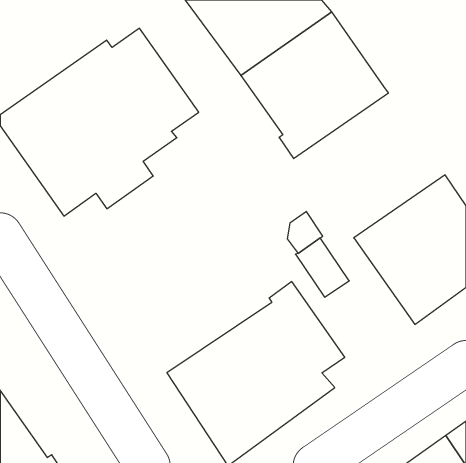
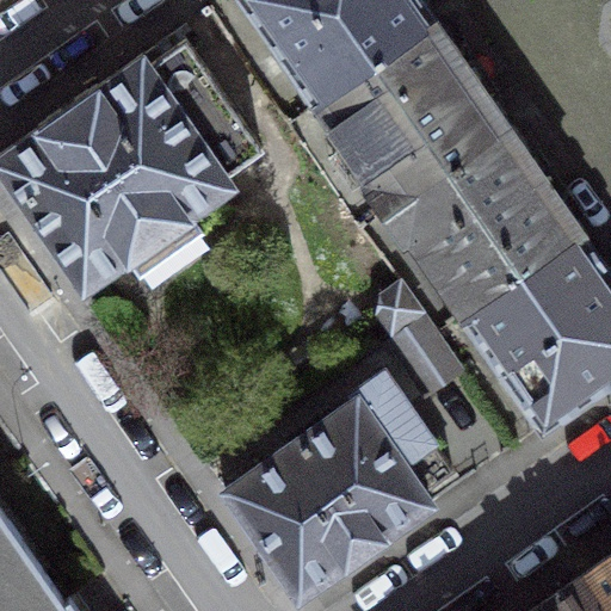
building: none -> [384,125,582,315]

